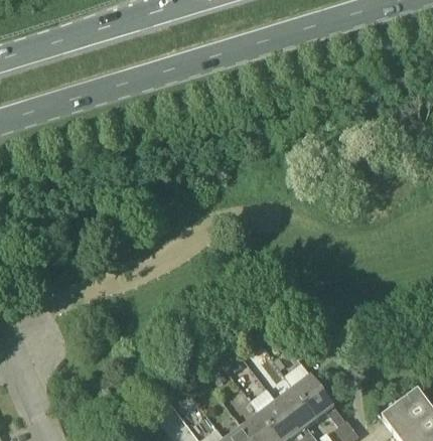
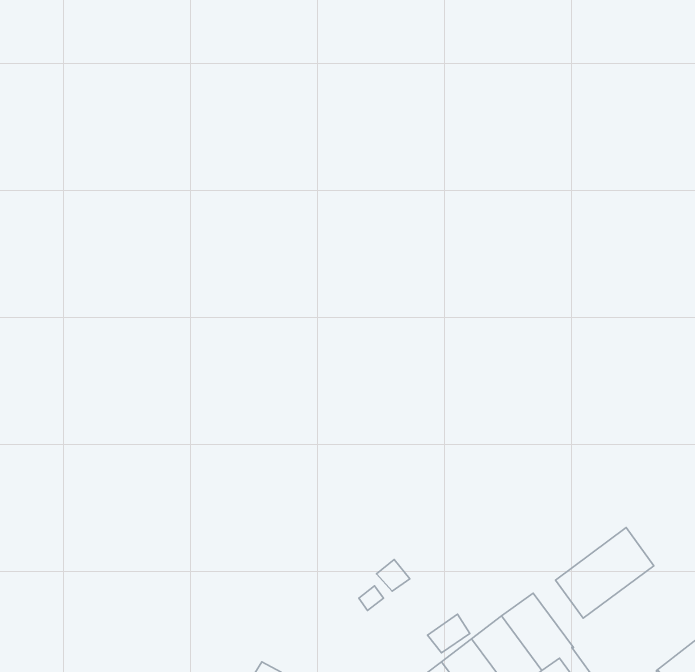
building: none -> [556,528,654,618]

